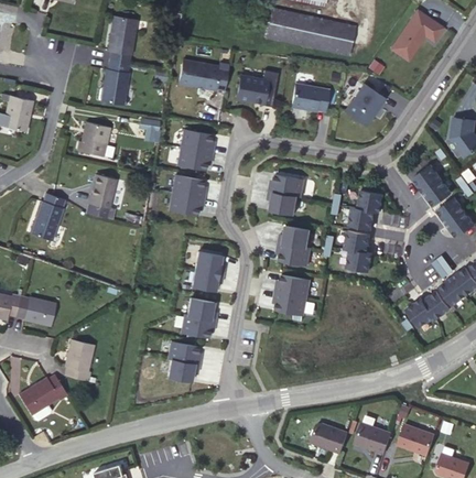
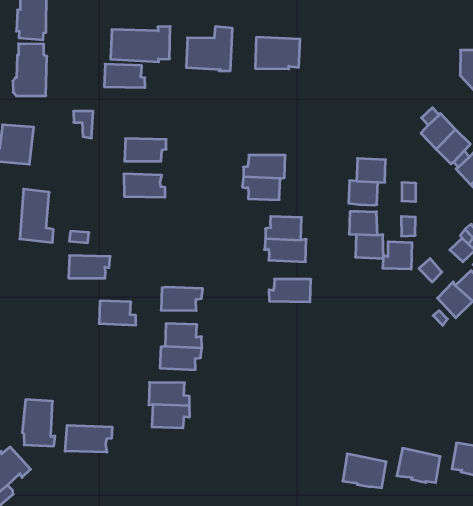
building: [345,84,385,126] -> none
building: [181,130,214,153] -> [104,64,145,88]
building: [170,193,205,215] -> [69,256,110,278]
building: [195,251,225,274] -> [99,301,136,325]
building: none -> [383,242,412,269]
building: [273,292,306,315] -> none
building: none -> [65,425,112,452]

